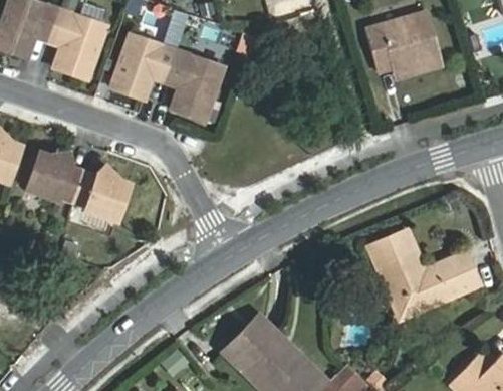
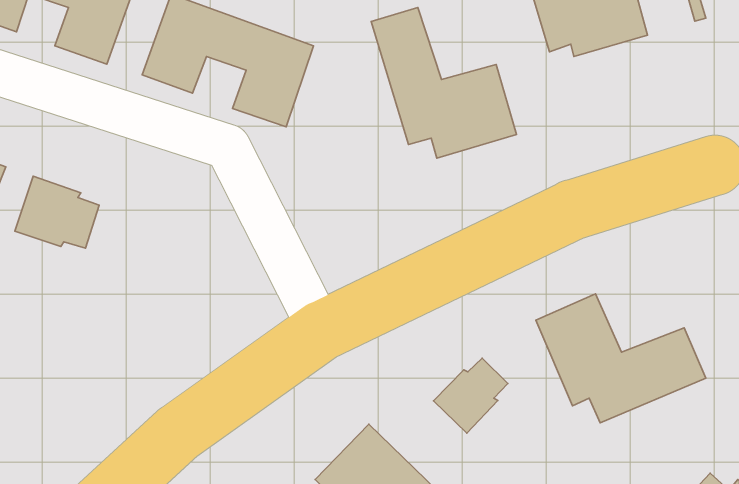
building: none -> [371,8,517,158]
building: [73,172,129,220] -> none
building: none -> [434,358,508,433]

